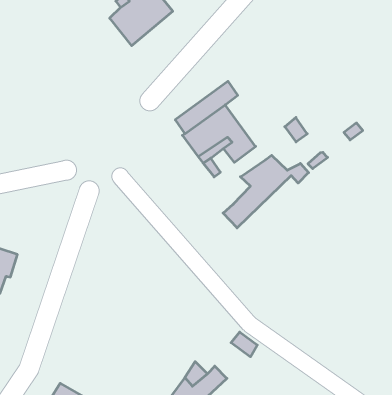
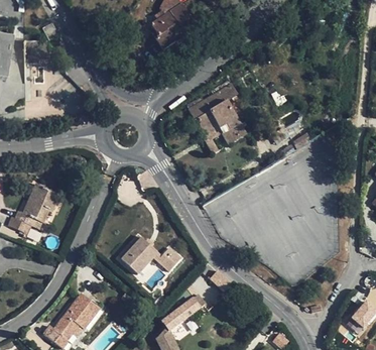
building: [223,155,309,228] -> none
building: none -> [120,235,182,273]

